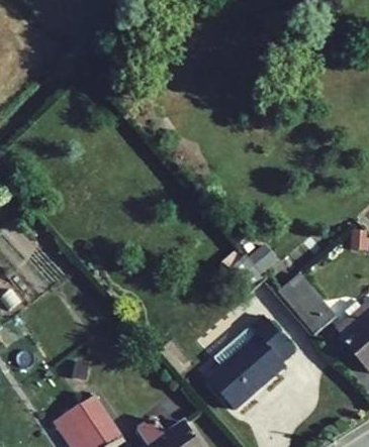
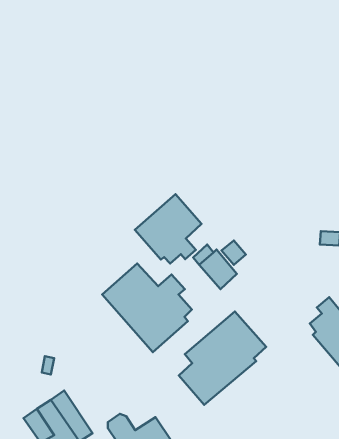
building: none -> [135,194,202,263]
building: none -> [102,264,192,352]
building: [277,274,336,335] -> none

